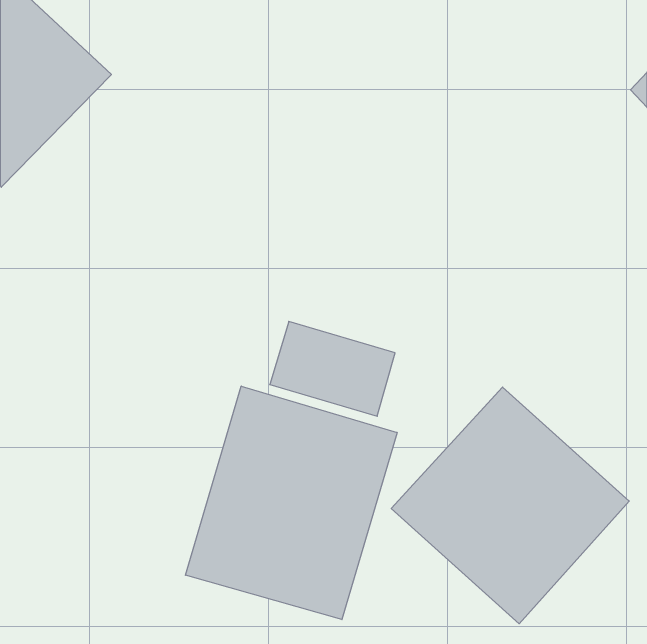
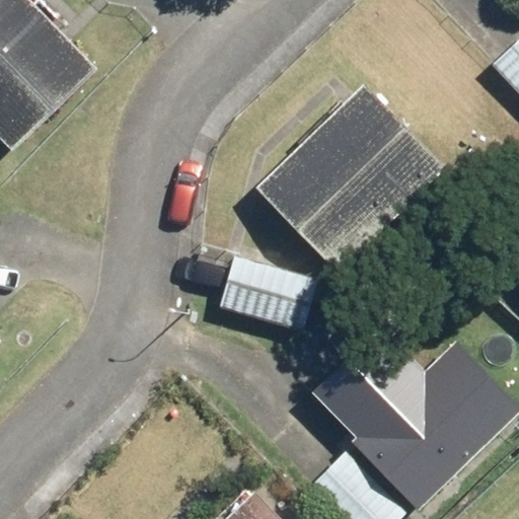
building: none -> [264,94,436,264]
building: [185,386,397,620] -> none

